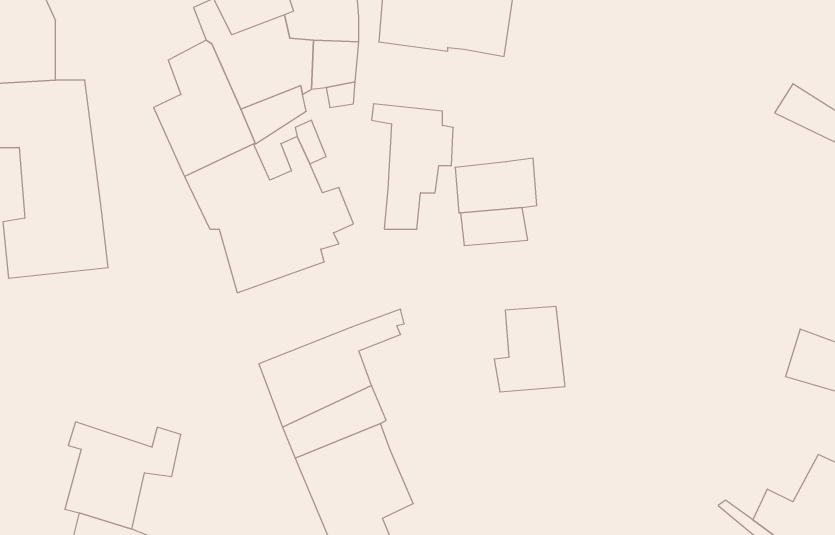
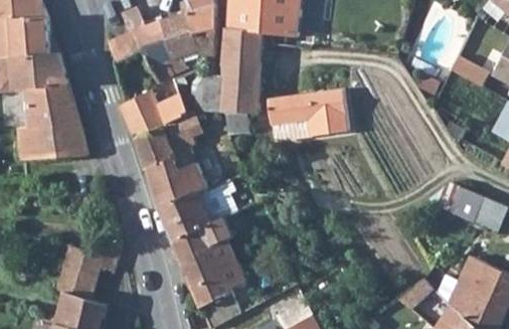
building: none -> [223,29,265,67]
building: none -> [202,72,233,111]
building: none -> [148,156,211,207]
building: [494,306,565,392] -> [306,92,345,139]

